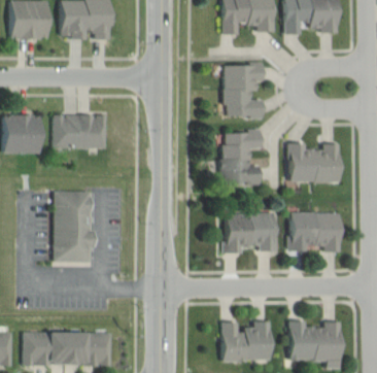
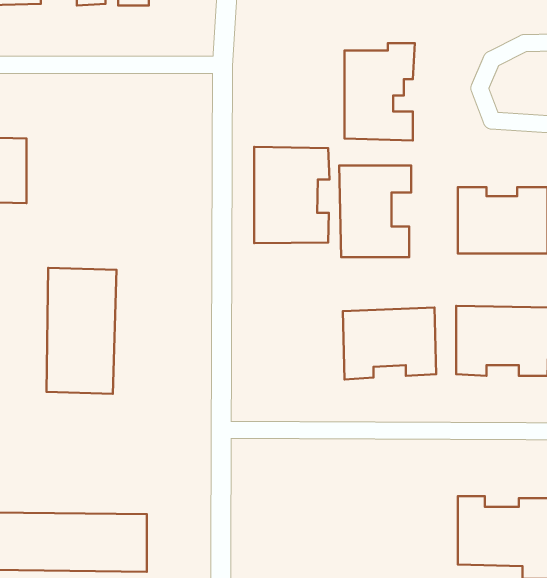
building: [52,115,105,148] -> none
building: none -> [254,147,329,243]
building: [220,321,271,362] -> none

